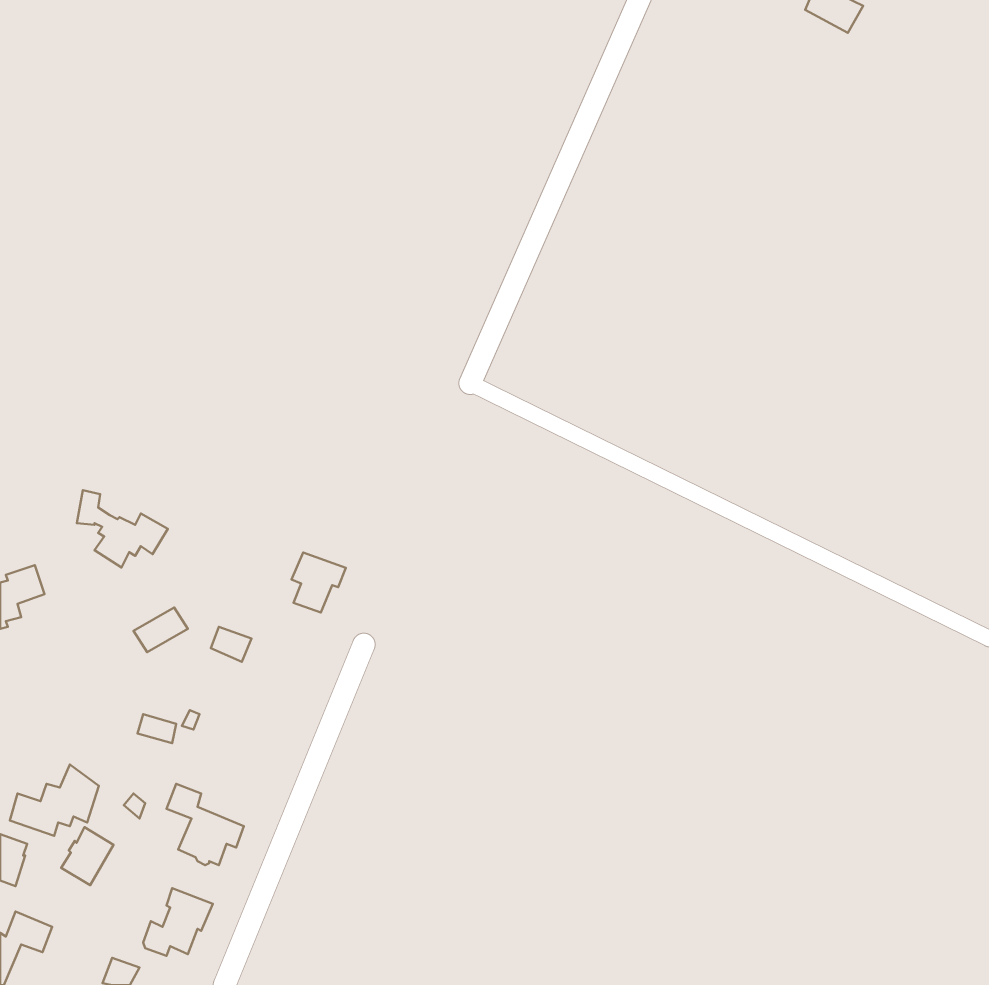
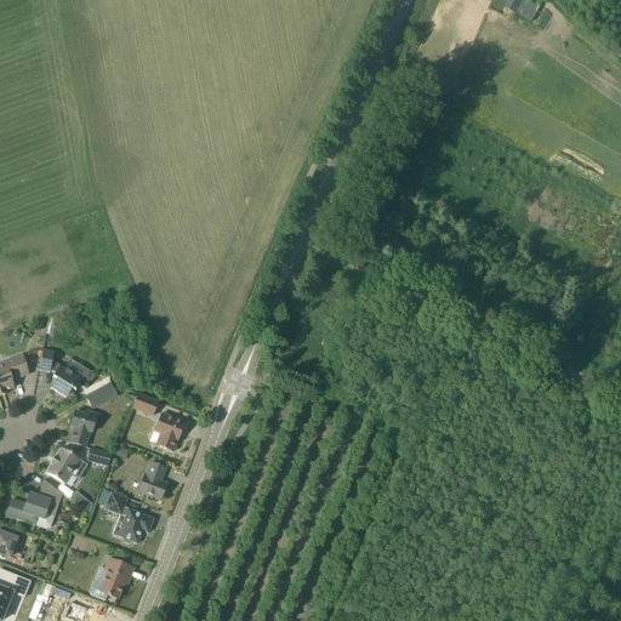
building: [77,490,168,568] -> [39,348,96,397]
building: [292,552,346,612] -> [154,412,188,450]
building: none -> [69,409,97,445]
building: none -> [137,461,167,500]
building: [61,827,113,885] -> [46,446,79,483]

